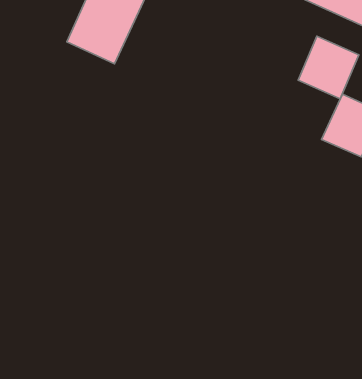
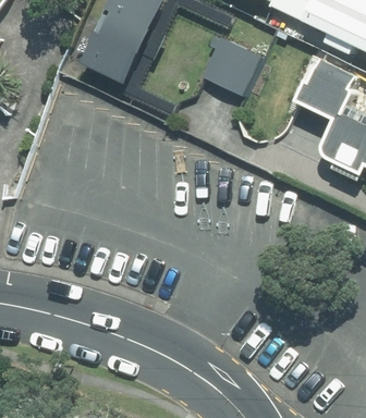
building: none -> [198,37,255,93]

